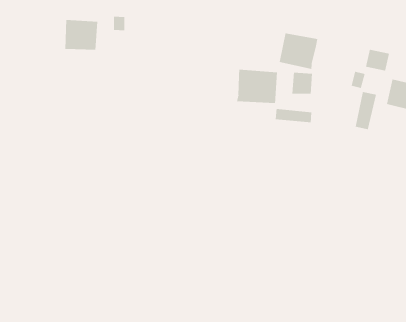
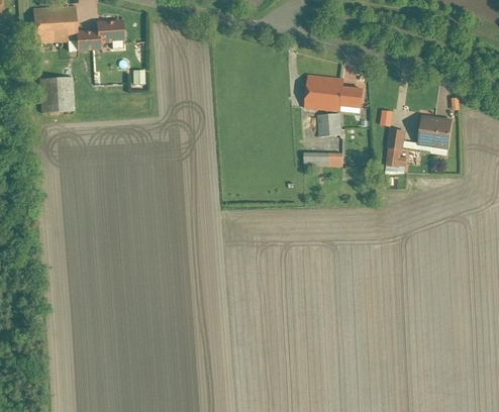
building: [65,19,98,50] -> [40,79,74,109]
building: [365,49,390,71] -> [339,86,364,107]
building: [237,69,277,104] -> none

